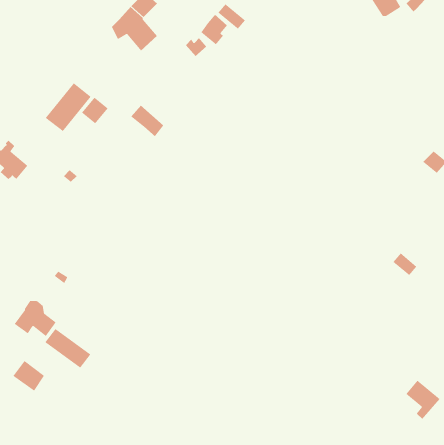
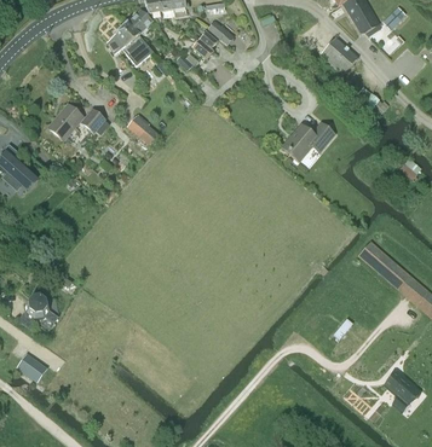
building: none -> [321,37,359,74]
building: none -> [283,122,335,161]
building: [44,328,91,369] -> none

